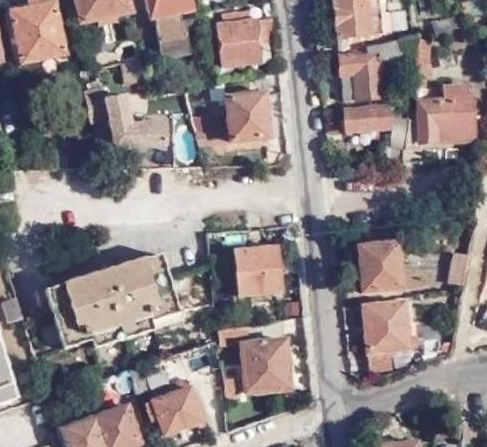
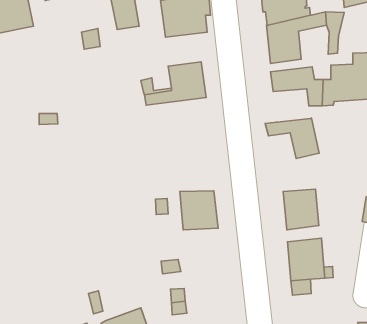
building: [85,87,168,143] -> none
building: none -> [265,118,319,158]
building: [50,248,184,346] -> none
building: [245,337,291,391] -> none

